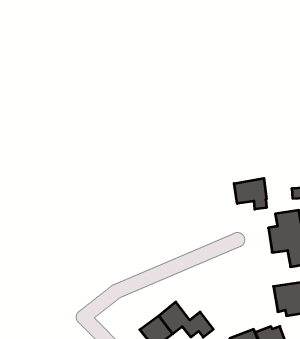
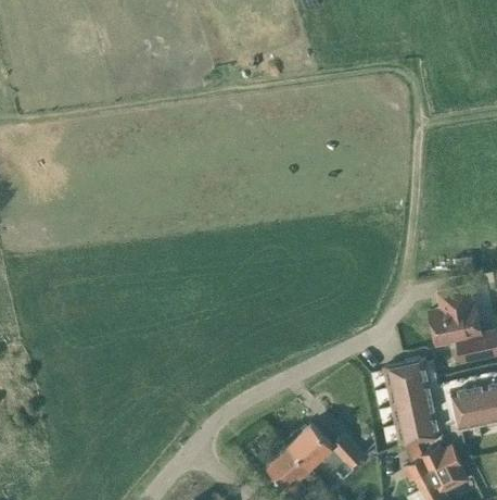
building: [234,178,266,209] -> none
building: none -> [384,362,443,447]

